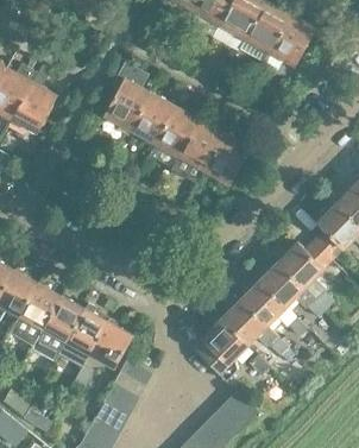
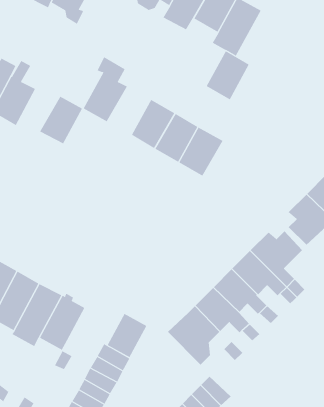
building: [269,14,314,65] -> [206,51,250,100]
building: [130,93,175,143] -> [39,96,83,144]
building: [89,321,131,367] -> [107,313,147,358]

